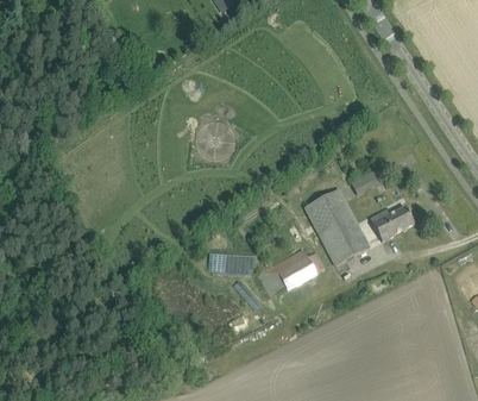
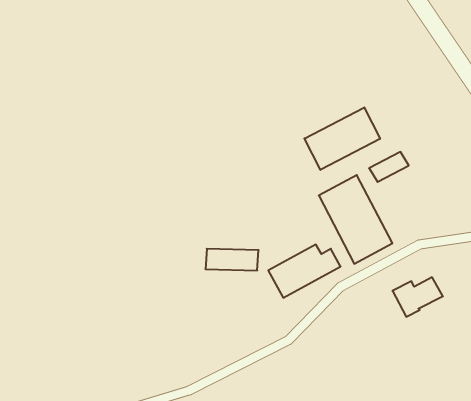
building: none -> [304,107,380,170]
building: [370,206,414,240] -> [392,277,443,317]

